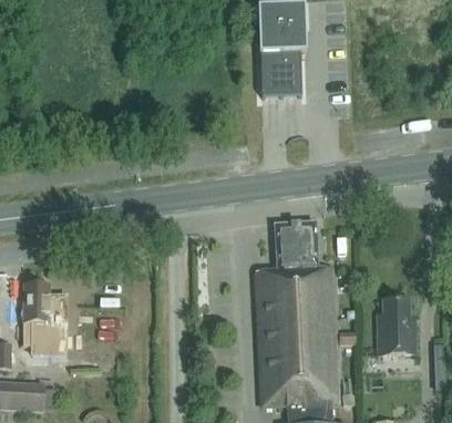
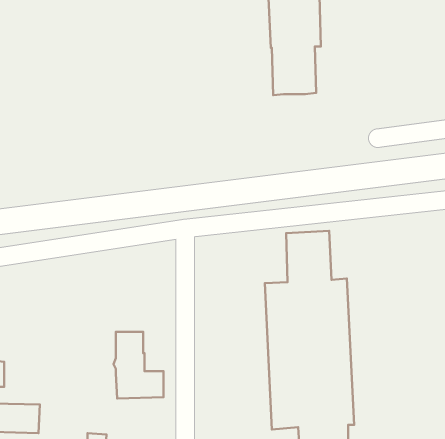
building: [20,283,66,345] -> [114,332,164,399]
building: [374,299,414,355] -> none

